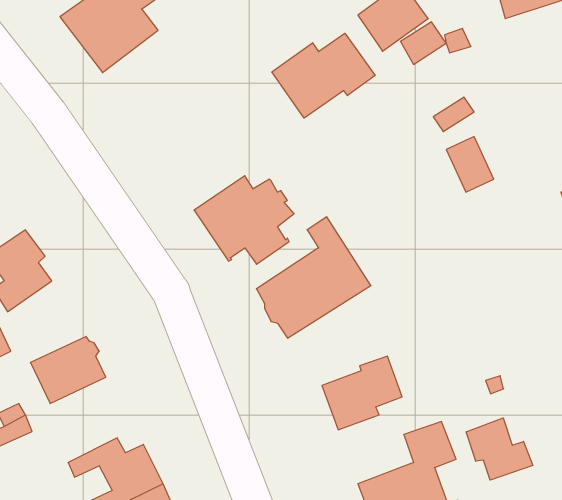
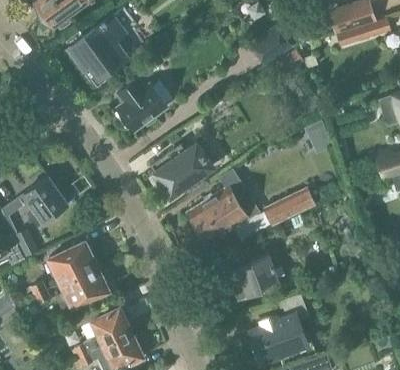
building: [272,33,375,118] -> none
building: none -> [116,78,166,130]
building: none -> [264,189,314,225]
building: none -> [58,267,108,309]
building: [466,418,533,480] -> none

